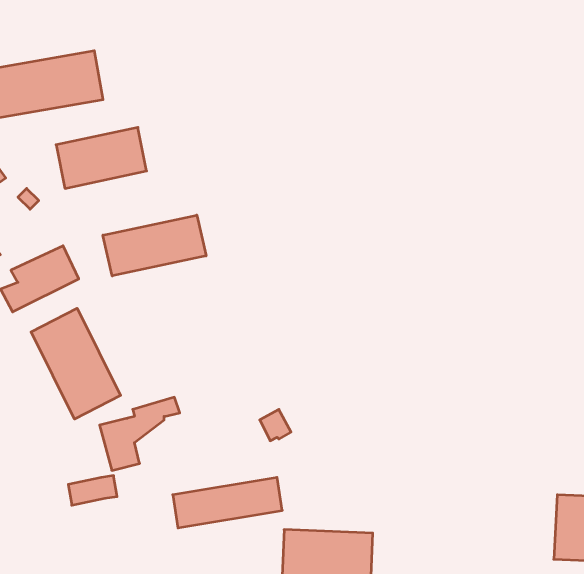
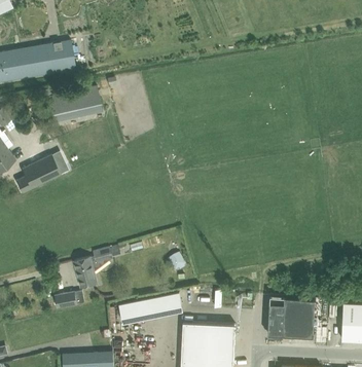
building: [103,215,206,276] -> none
building: [31,308,121,419] -> none
building: none -> [268,295,315,337]

